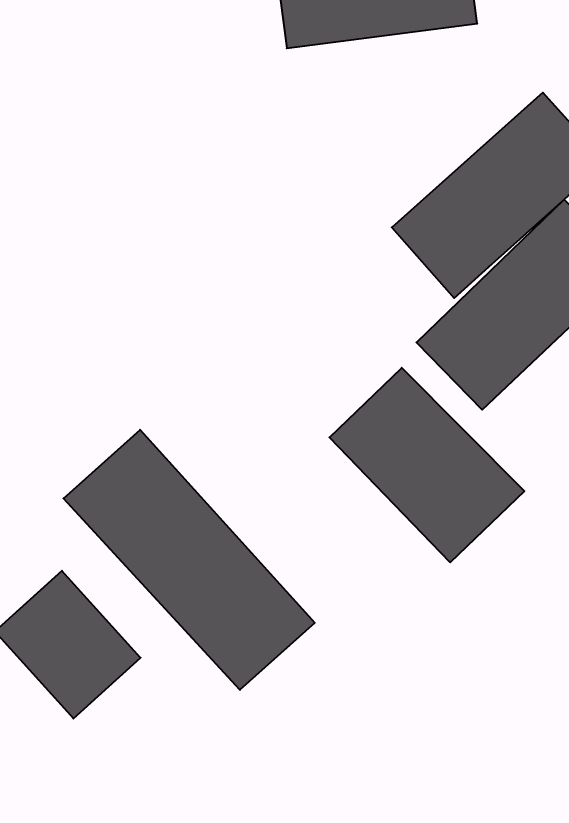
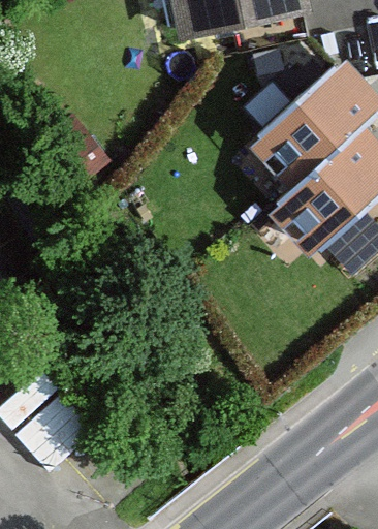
building: [329,368,524,562] -> none
building: [63,430,315,690] -> none

